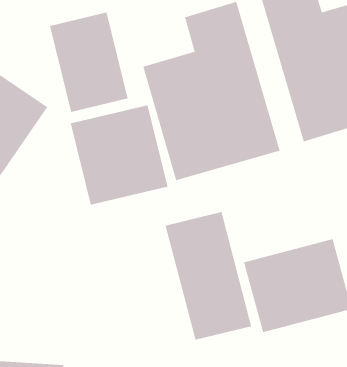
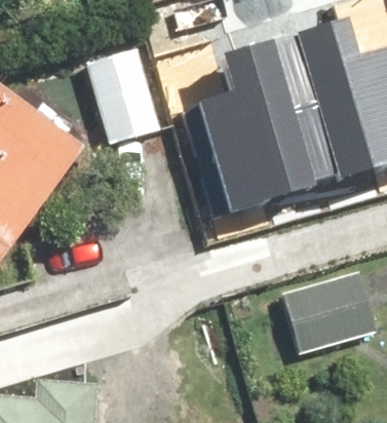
building: [70,104,168,206] -> none
building: [165,211,252,341] -> none

